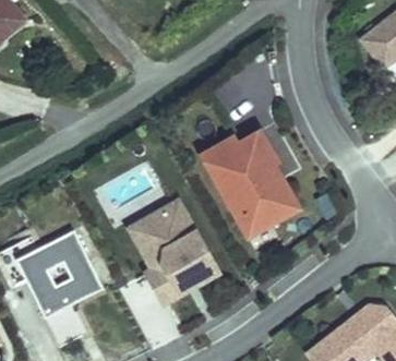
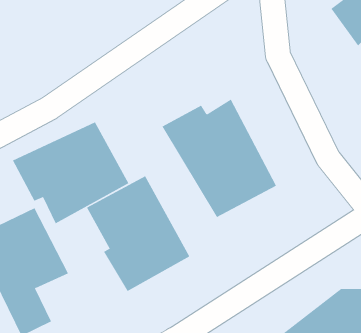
building: none -> [12,121,129,224]

